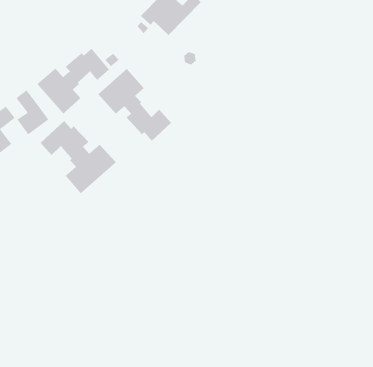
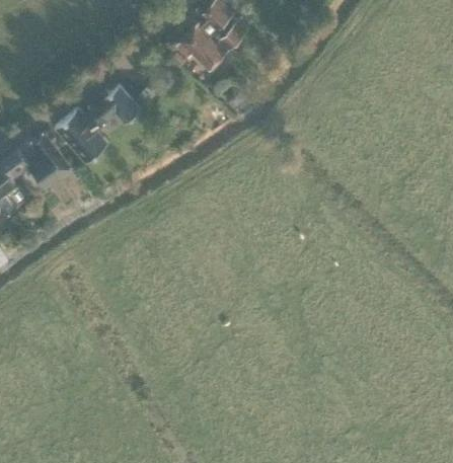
building: [98,68,172,141] -> none
building: [40,120,117,194] -> none

